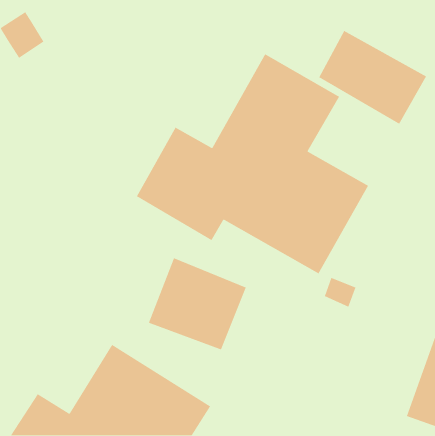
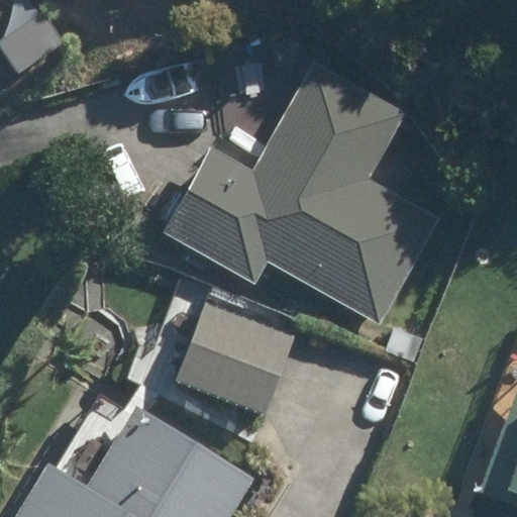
building: [318,30,427,125] -> none

